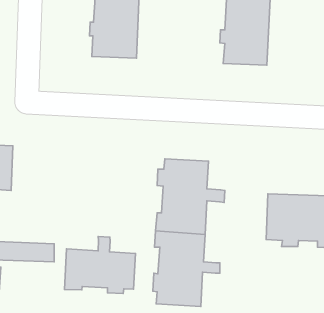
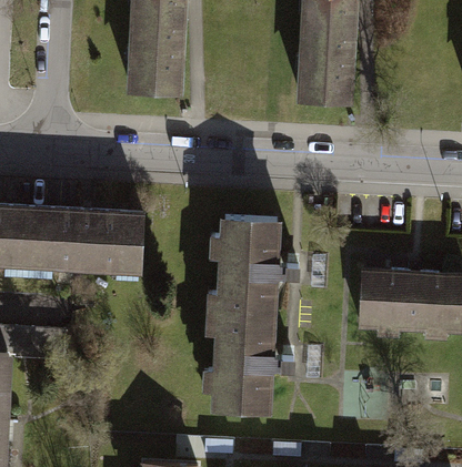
building: none -> [23,206,140,270]
building: [64,237,136,294] -> none

